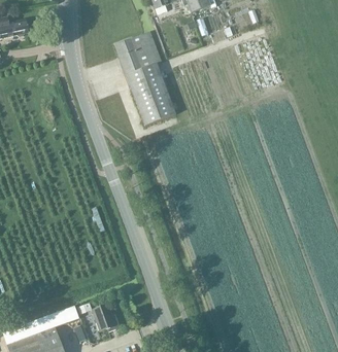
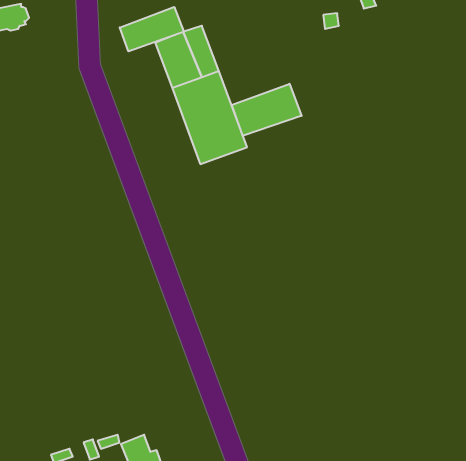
building: none -> [120,7,184,51]
building: none -> [232,84,302,136]

